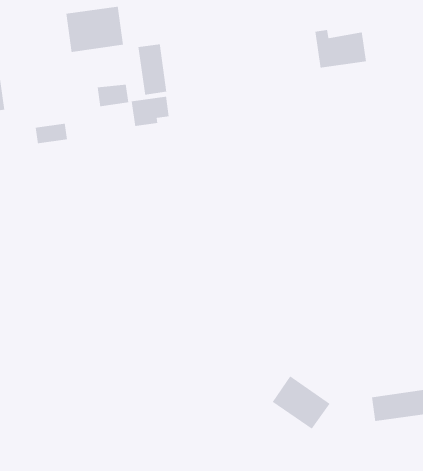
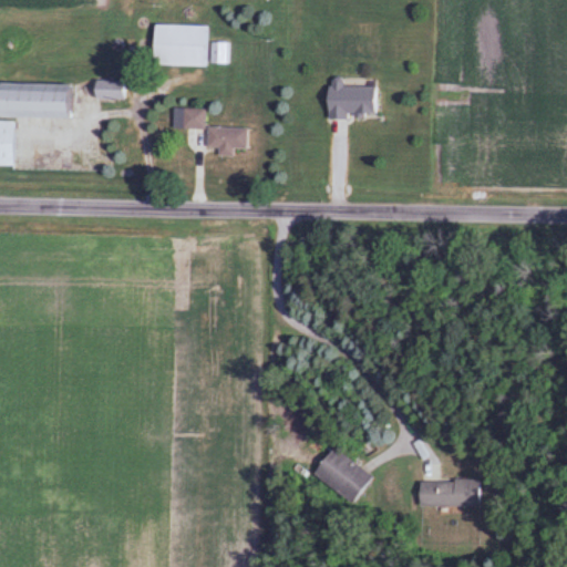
building: [315,30,367,68] -> [327,78,378,117]
building: [138,44,167,95] -> none
building: [35,123,68,144] -> [93,81,126,99]

